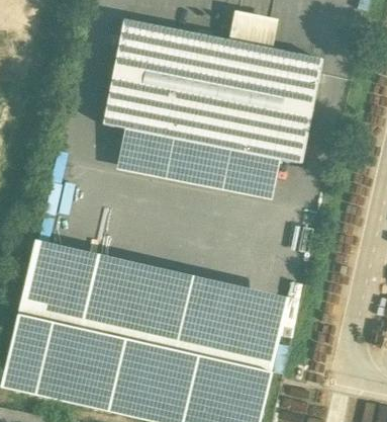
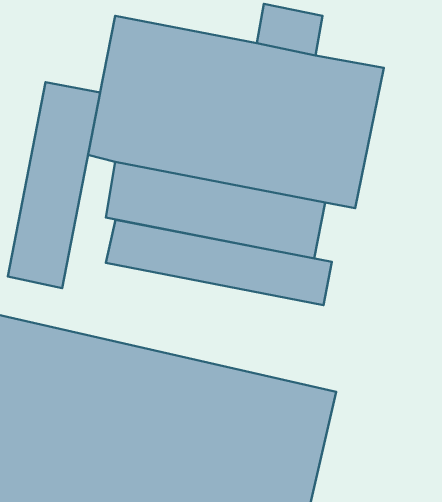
building: none -> [8,82,100,288]
building: none -> [106,220,332,305]

